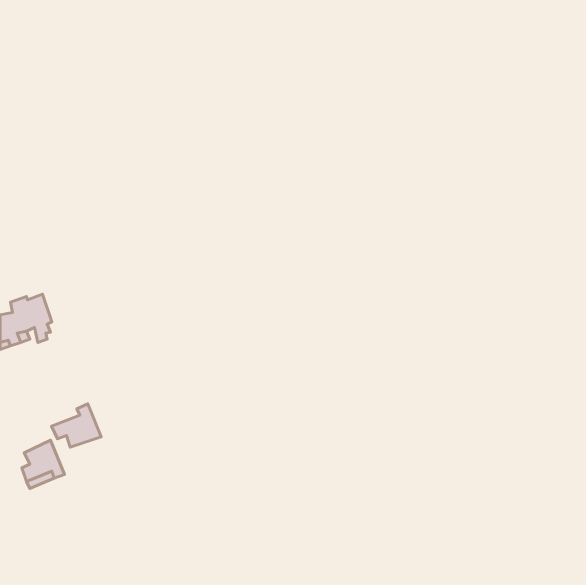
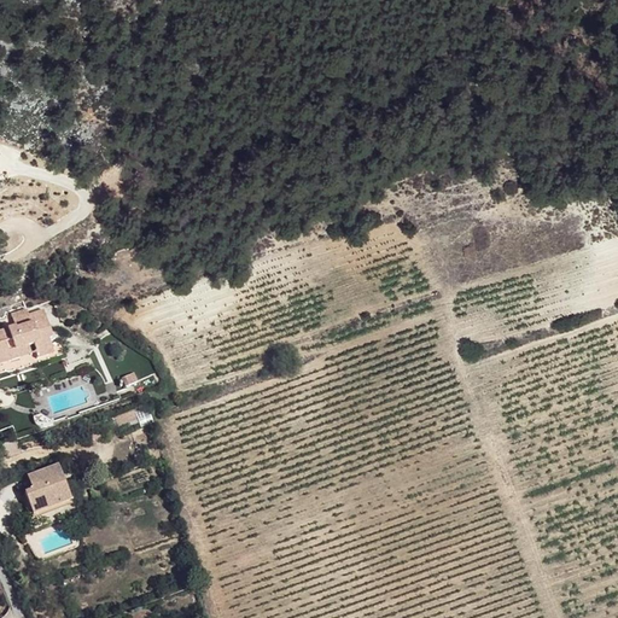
building: [51,404,101,447] -> none

